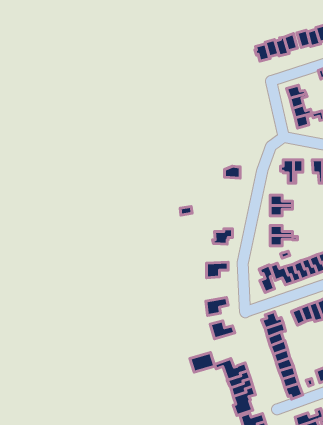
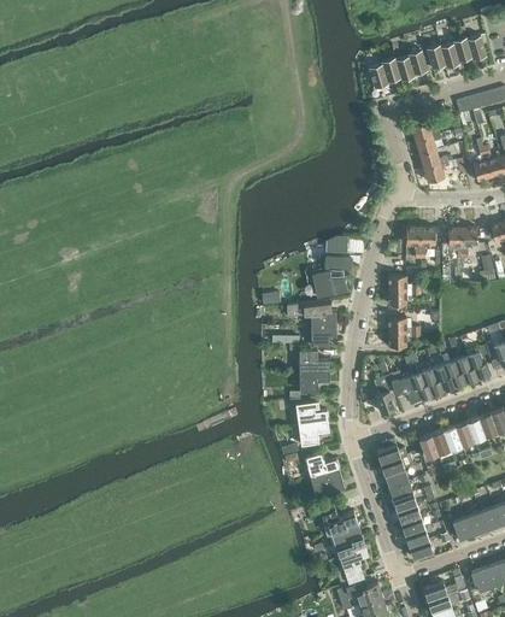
building: none -> [315,258,352,298]
building: none -> [287,301,336,329]
building: none -> [292,346,330,374]
building: none -> [295,402,328,427]
building: [190,352,215,372] -> [311,471,346,499]

